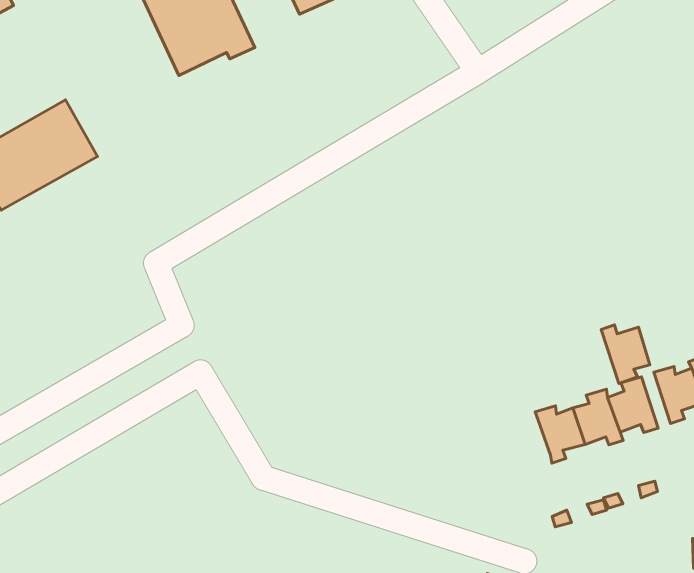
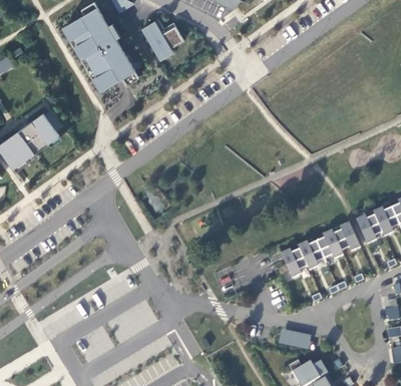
building: [601,325,650,384] -> none
building: none -> [281,249,307,278]

